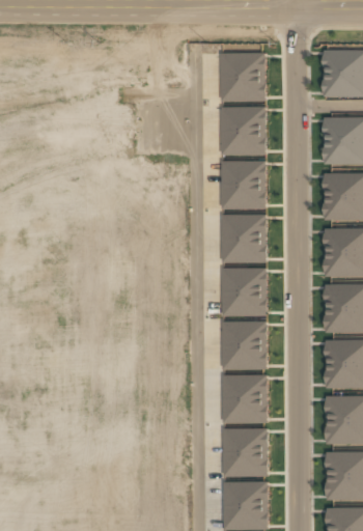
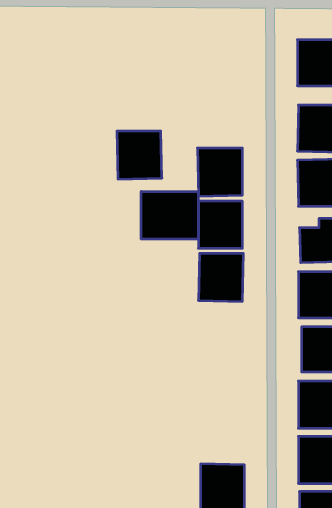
building: [220,52,266,102] -> none
building: [220,107,266,156] -> [117,131,162,179]
building: none -> [141,191,198,239]
building: [221,320,267,369] -> none
building: [222,374,267,423] -> none
building: [222,428,268,477] -> none

